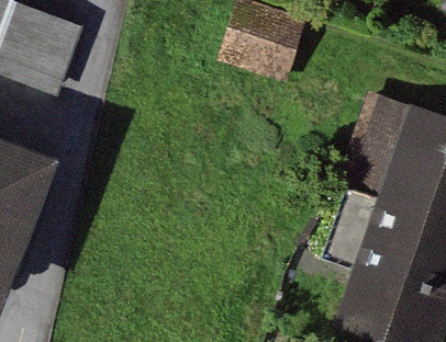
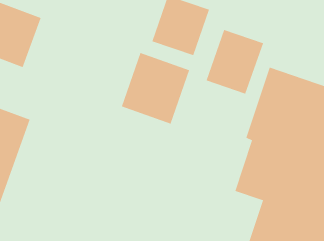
building: none -> [206,29,264,95]
building: none -> [121,52,190,124]

